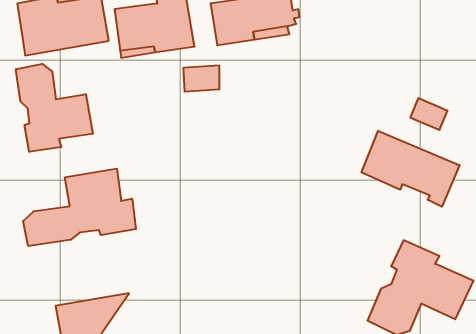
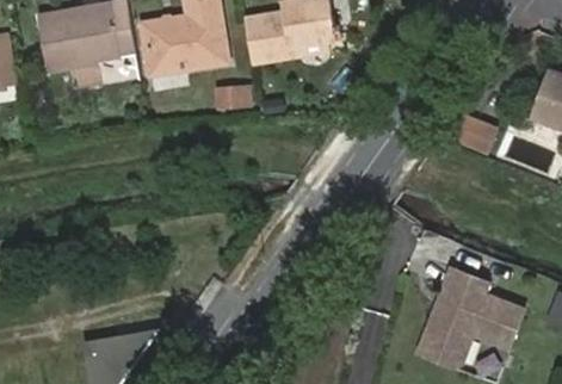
building: [16,64,93,152] -> none
building: [362,131,460,207] -> none
building: [23,169,136,246] -> none

